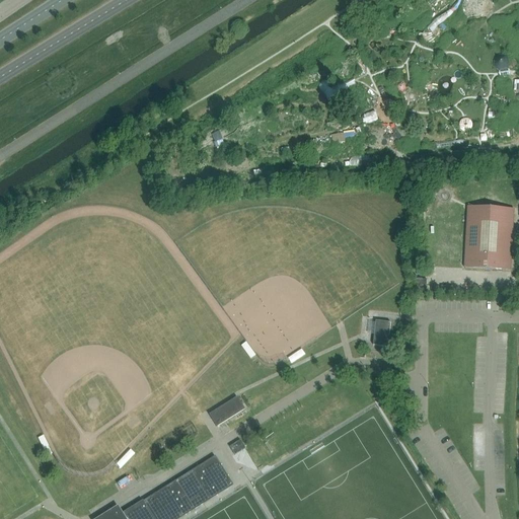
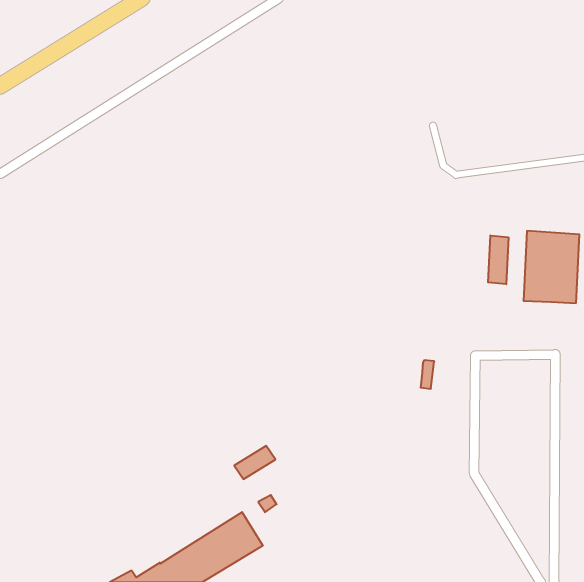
building: none -> [488,235,508,284]

